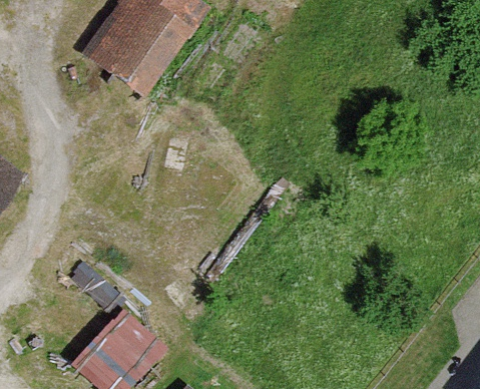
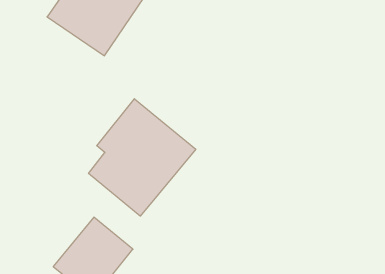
building: none -> [89,99,196,216]

